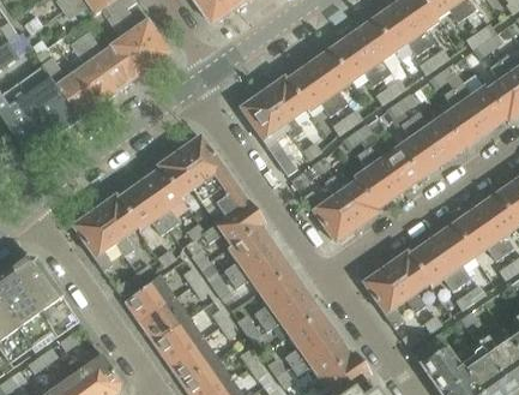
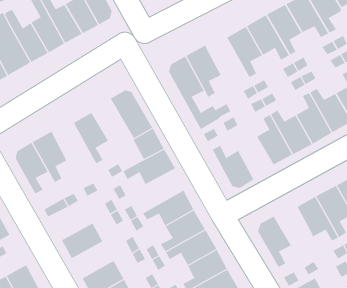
building: [284,65,337,115] -> none
building: [156,150,210,201] -> none
building: [324,175,378,227] -> none
building: [116,182,169,234] -> none
building: [223,226,274,280] -> none
building: [382,251,428,311] -> none
building: [123,276,173,321] -> none
building: [152,317,201,363] -> none

